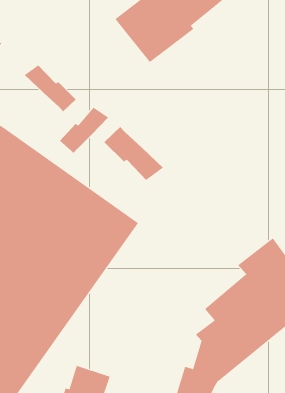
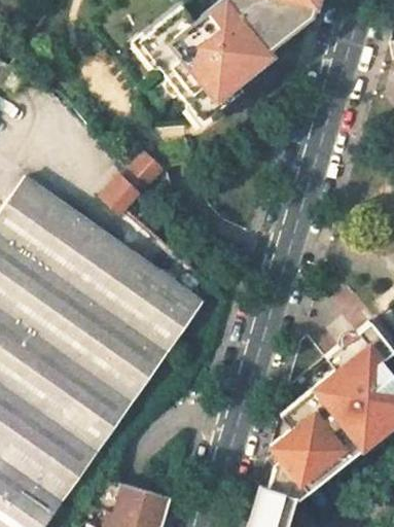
building: [24,64,77,112] -> none
building: [104,126,164,181] -> none

